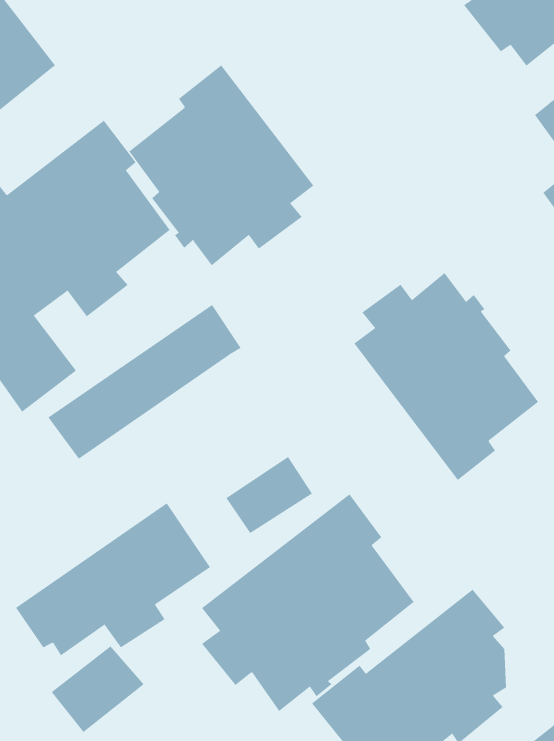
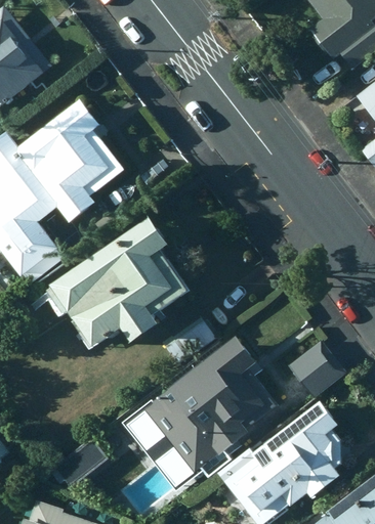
building: [129,65,314,266] -> none
building: [354,272,539,481] -> none
building: none -> [286,339,345,397]
building: [15,503,211,656] -> [65,249,189,346]

